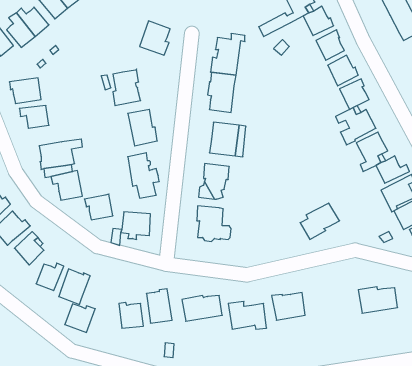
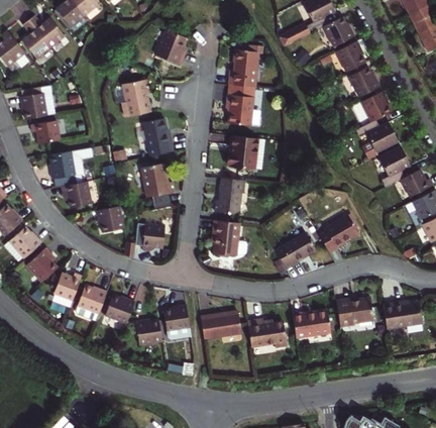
building: none -> [275,232,314,268]
building: none -> [334,297,371,325]
building: [65,304,95,332] -> [102,295,133,324]

